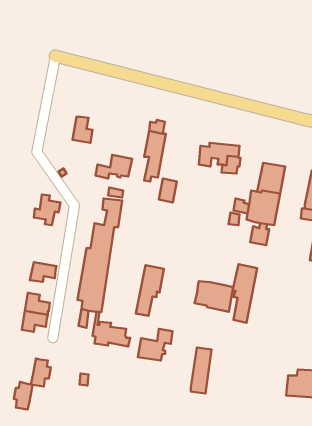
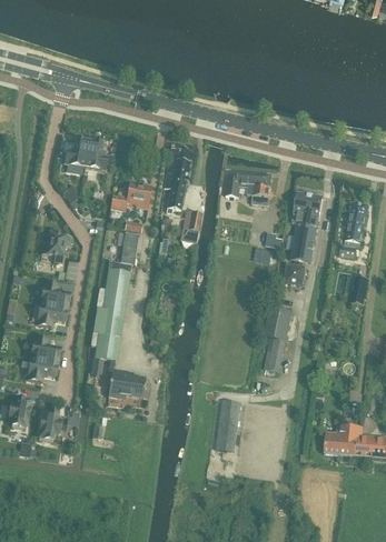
building: none -> [63,139,89,168]
building: none -> [41,284,69,309]
building: [136,265,164,316] -> none
building: [194,281,233,312] -> none
building: [138,329,173,361] -> none
building: [14,382,33,410] -> [9,399,30,430]

